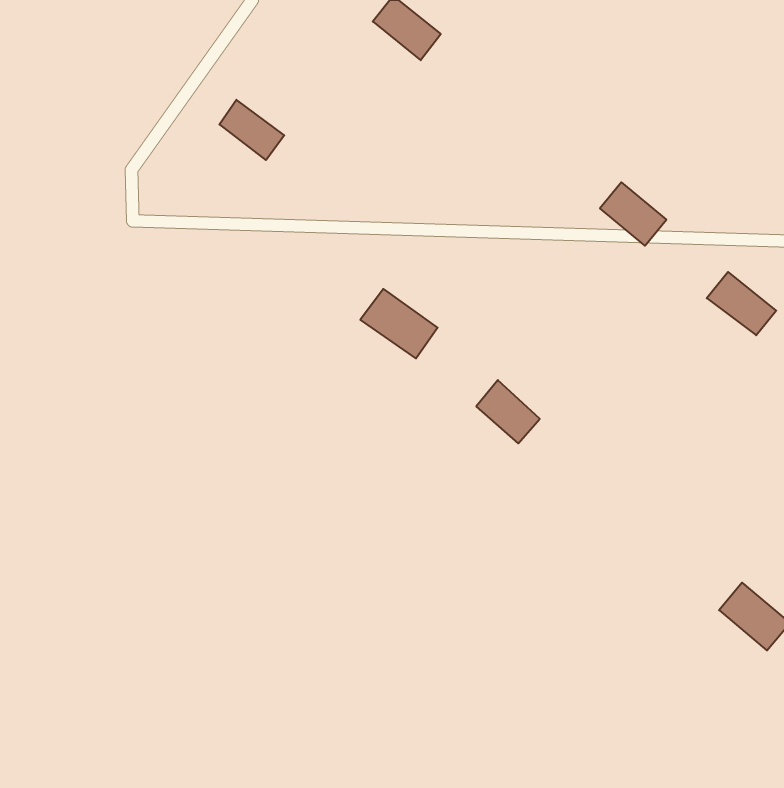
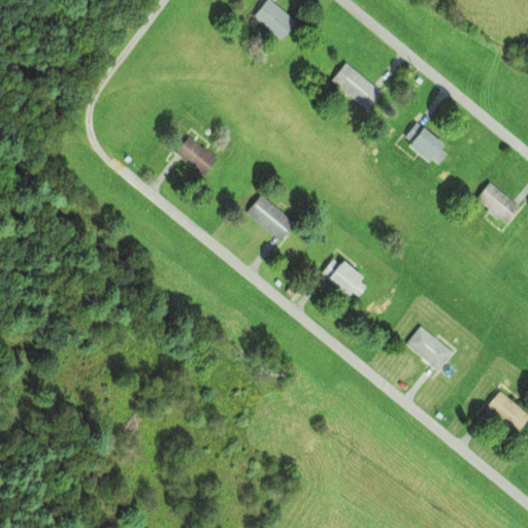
building: none -> [333,65,382,111]
building: [219,100,284,160] -> [175,136,219,176]
building: none -> [403,324,452,371]

